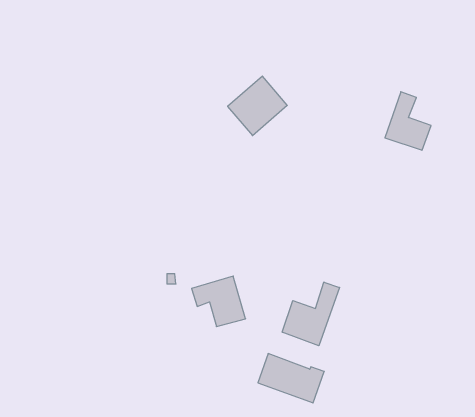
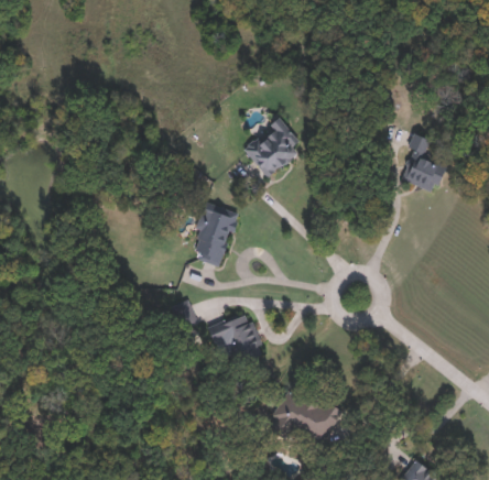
building: none -> [188,208,232,264]
building: [282,282,340,346] -> none

